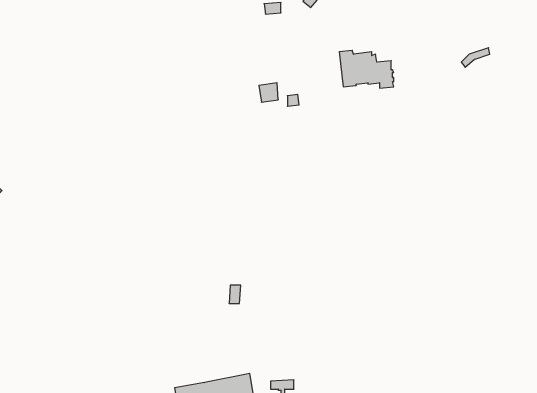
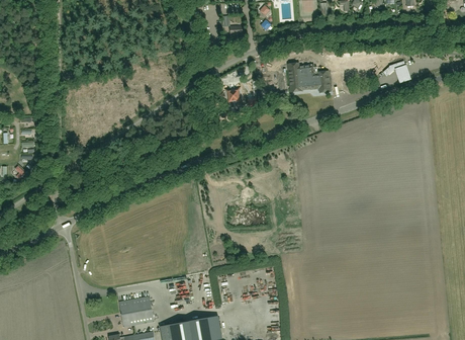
building: none -> [118,295,153,326]

